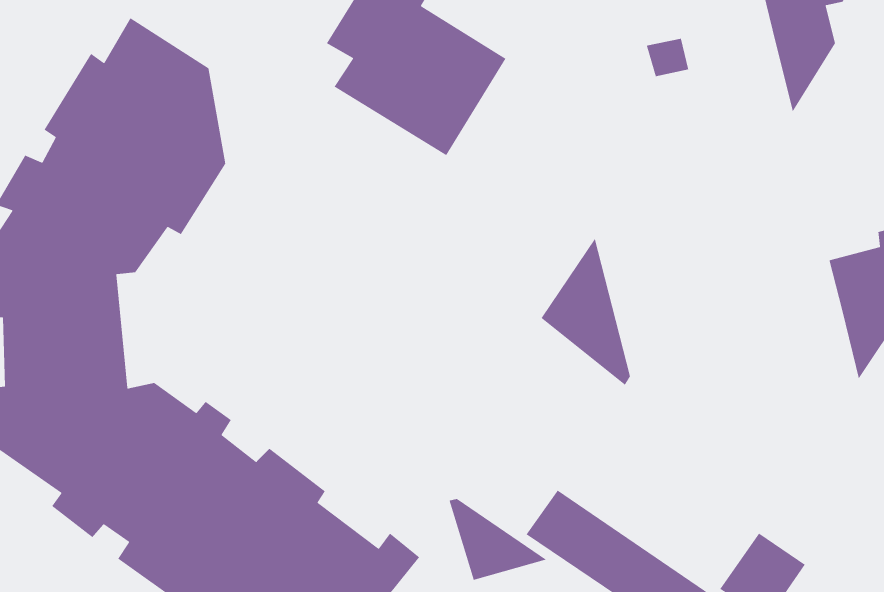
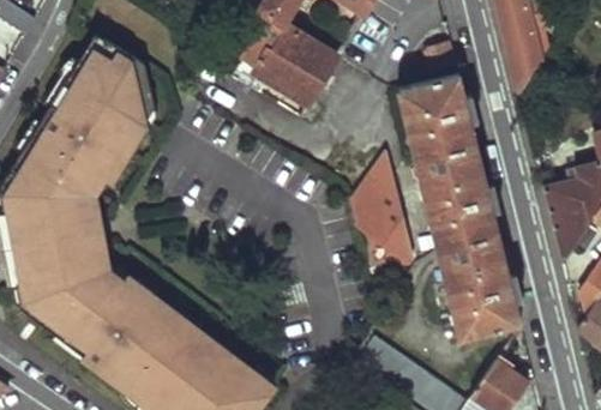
building: none -> [397,73,522,339]
building: [449,498,547,581] -> none

